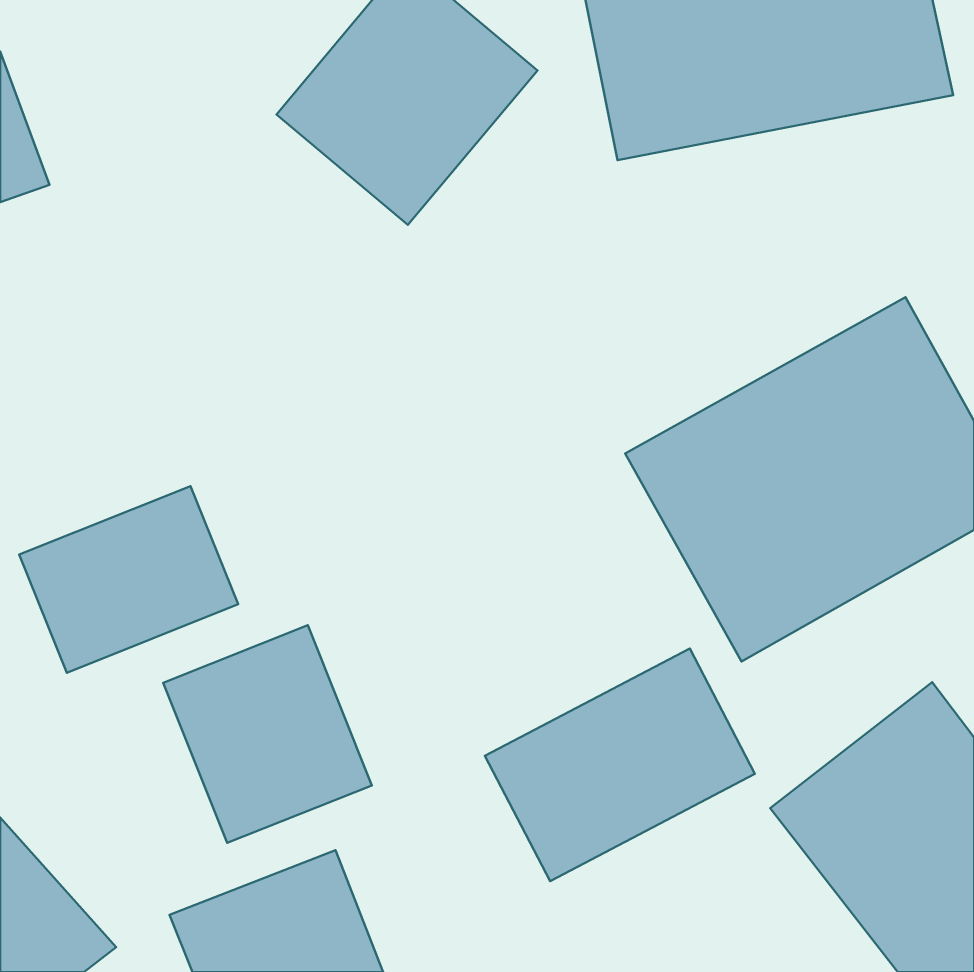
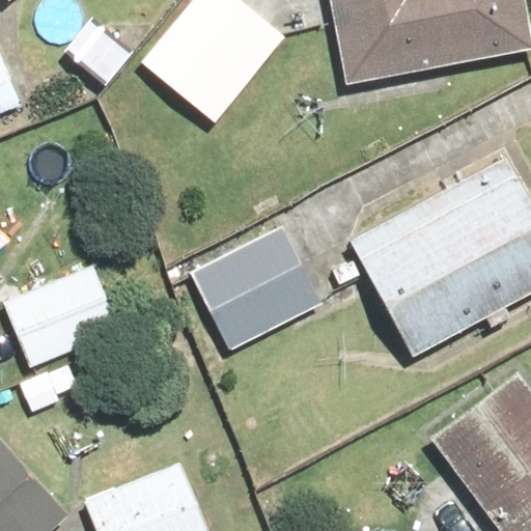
building: none -> [198,227,325,348]
building: [163,625,372,843] -> none
building: [485,649,755,881] -> none

